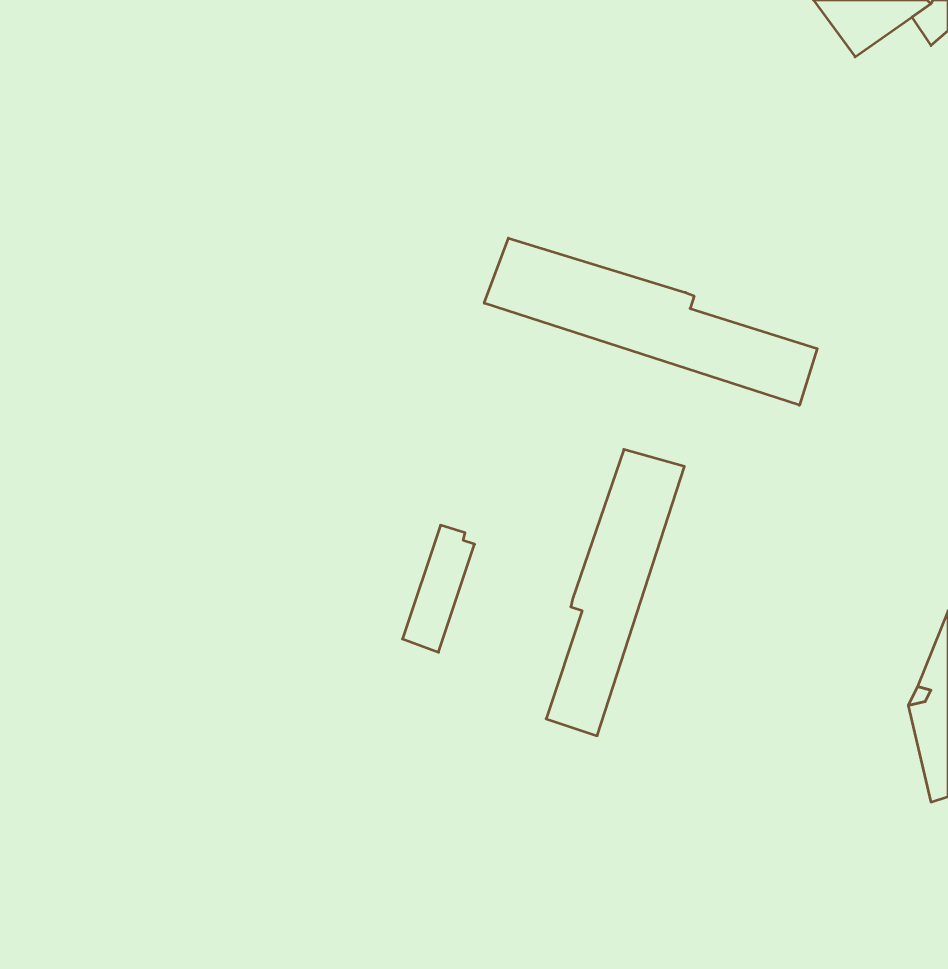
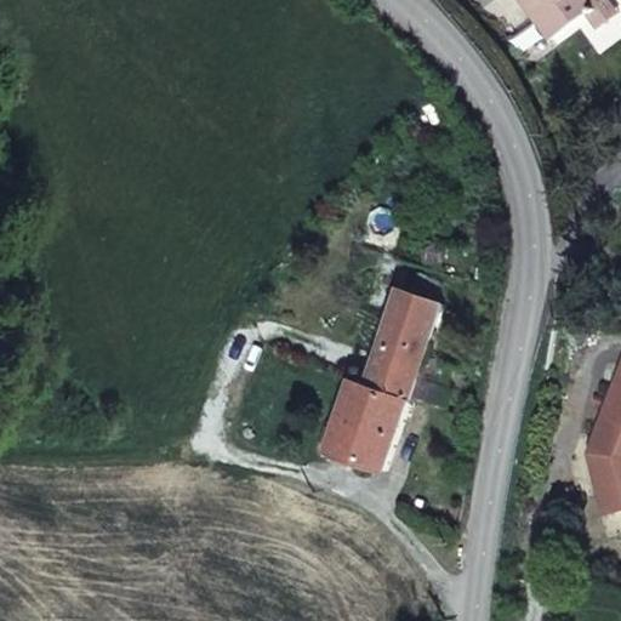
building: [484,238,817,405] -> none
building: [402,525,475,652] -> [326,378,372,460]

